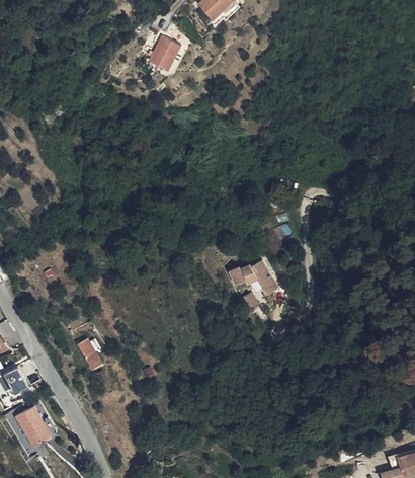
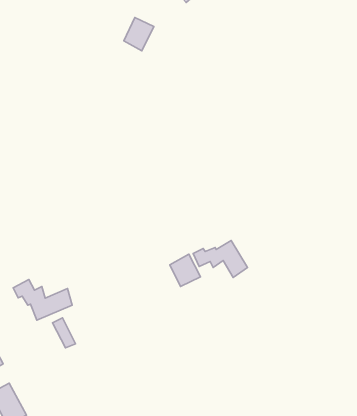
building: none -> [170,254,200,286]
building: none -> [13,280,72,320]

